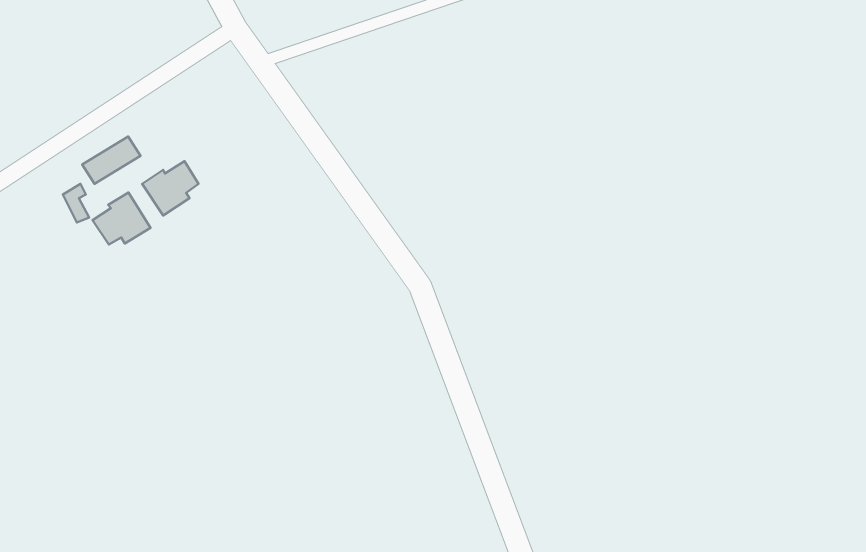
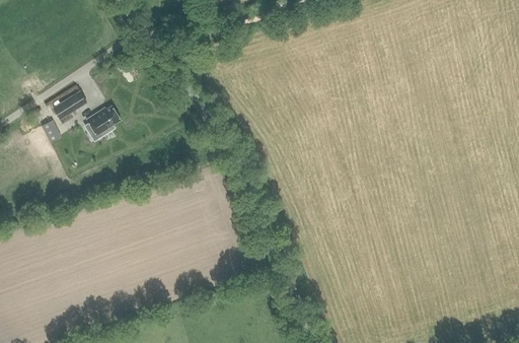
building: [93,192,150,245] -> none

